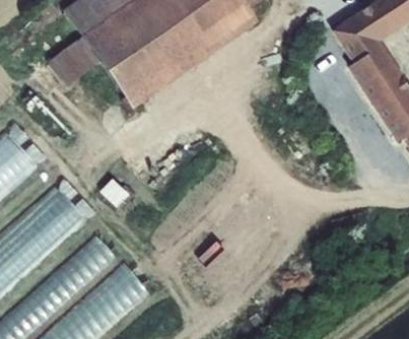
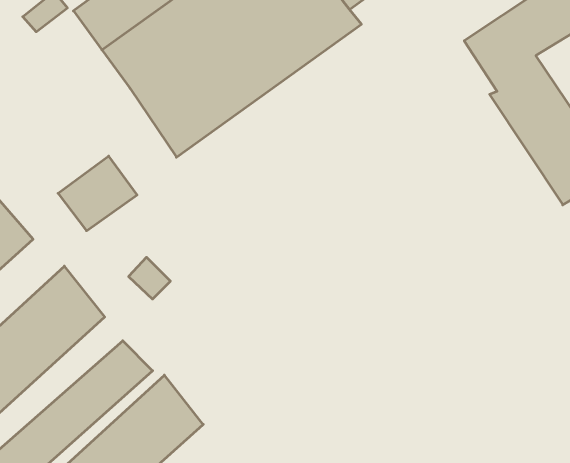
building: [48,37,101,87] -> [58,156,137,231]

